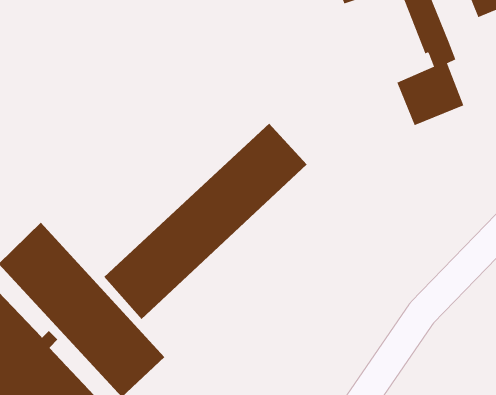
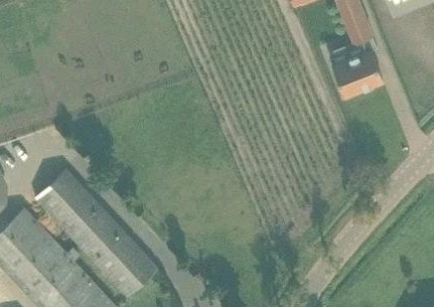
building: [104,123,307,320] -> none

